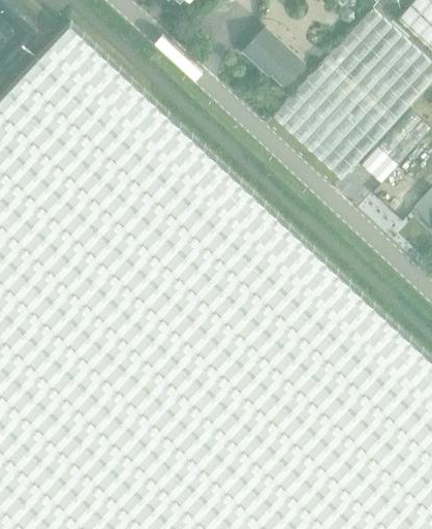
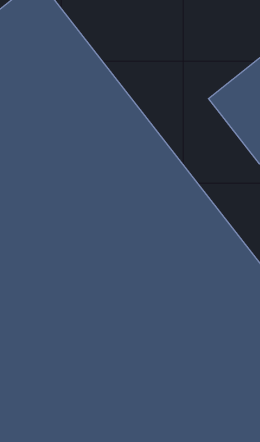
building: [243,31,303,88] -> none

